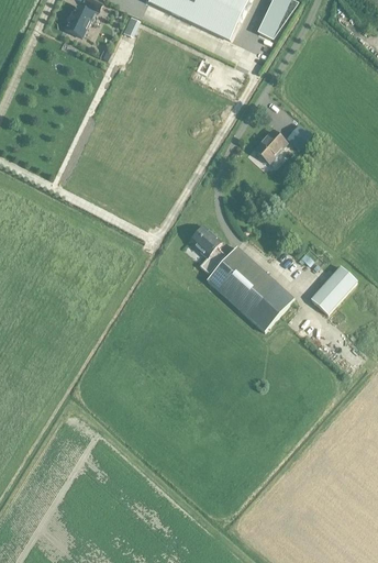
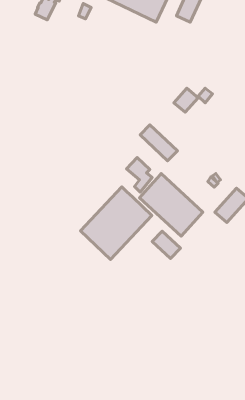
building: none -> [140,125,177,161]
building: none -> [81,187,152,260]
building: none -> [152,231,181,259]

